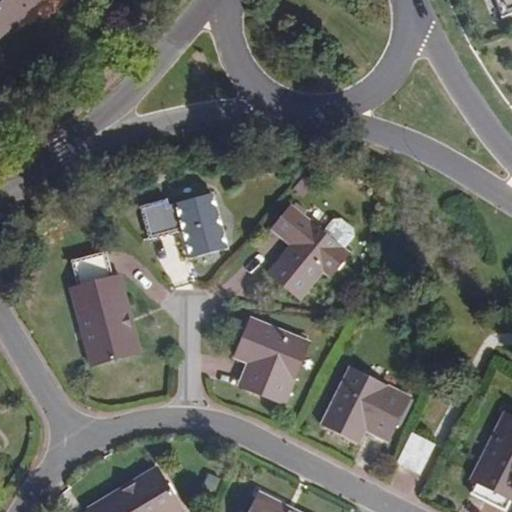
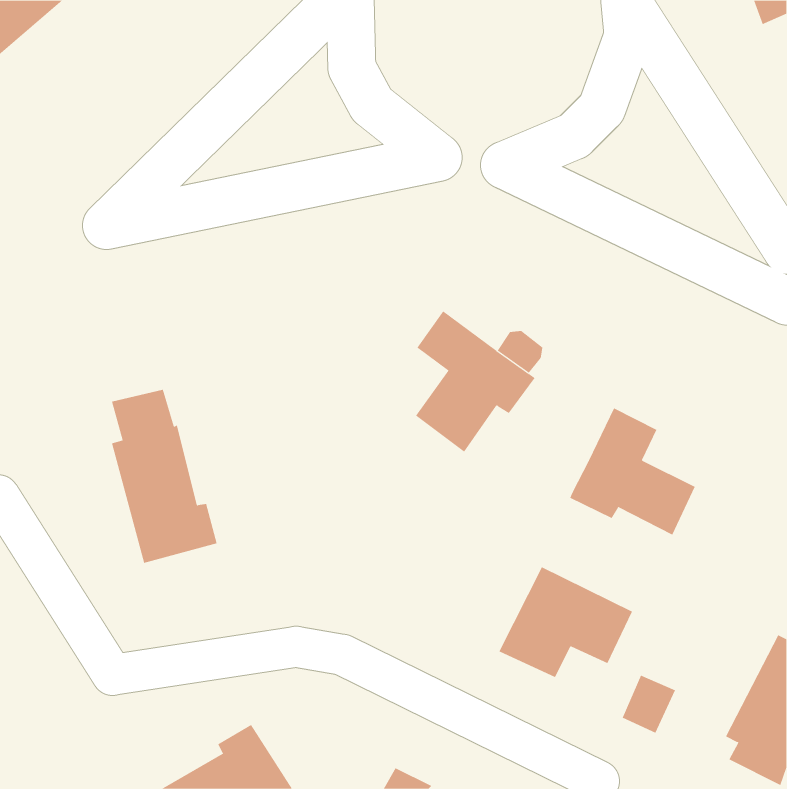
building: [137,194,224,257] -> none
building: none -> [569,407,696,535]
building: [237,318,310,402] -> none

